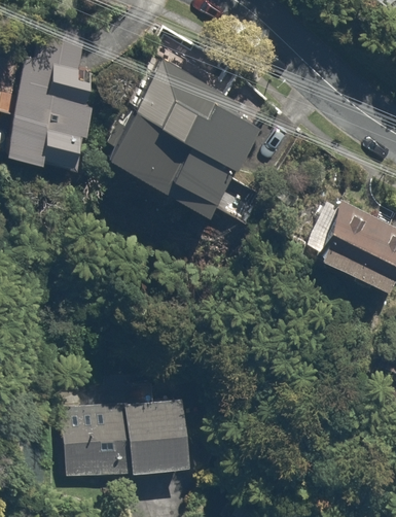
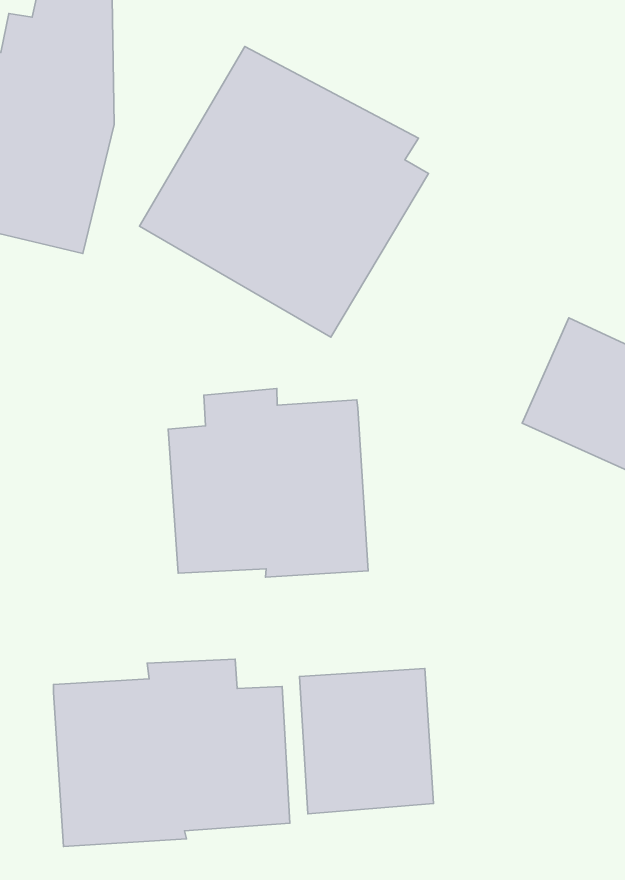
building: none -> [168,389,368,577]
building: none -> [300,669,434,814]

